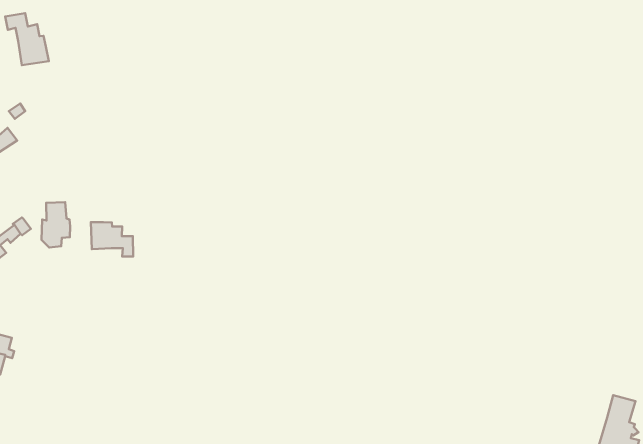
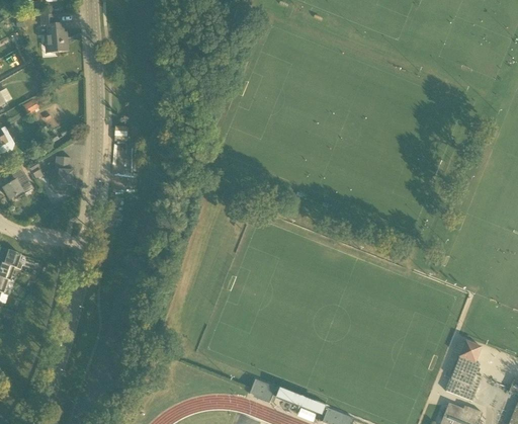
building: [91,222,133,256] -> none

